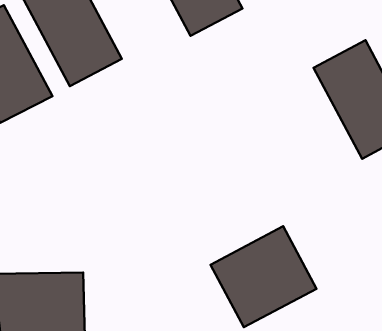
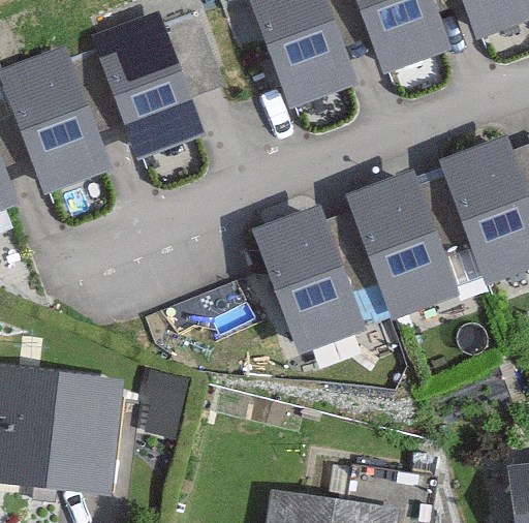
building: none -> [345,175,458,318]
building: none -> [252,211,365,355]
building: [210,226,316,327] -> none

